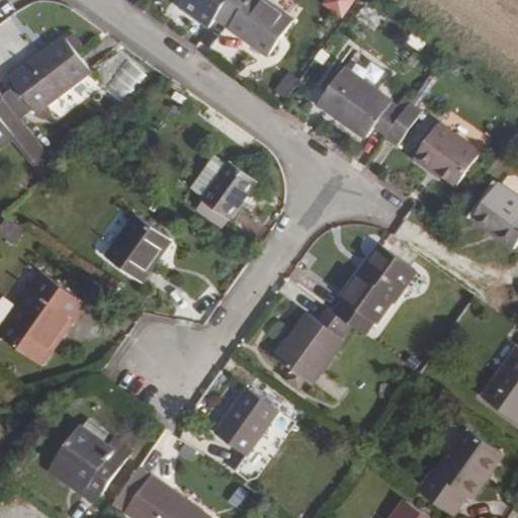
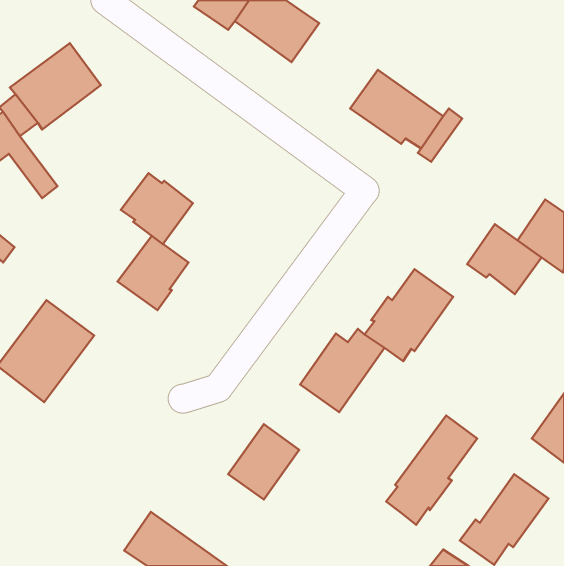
building: [411,121,479,185] -> [467,224,541,294]
building: [195,155,261,220] -> [121,173,193,244]
building: none -> [386,416,477,525]
building: [50,426,128,501] -> none

